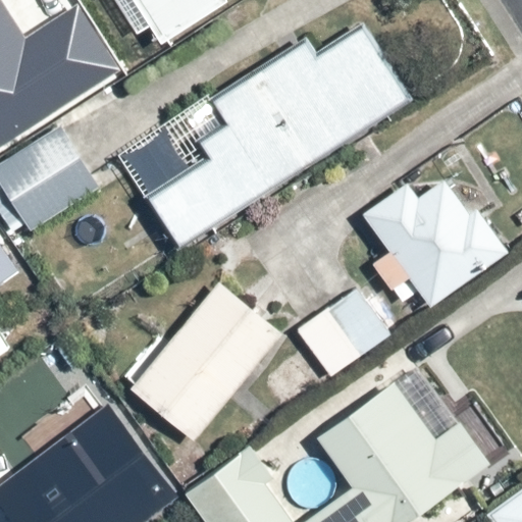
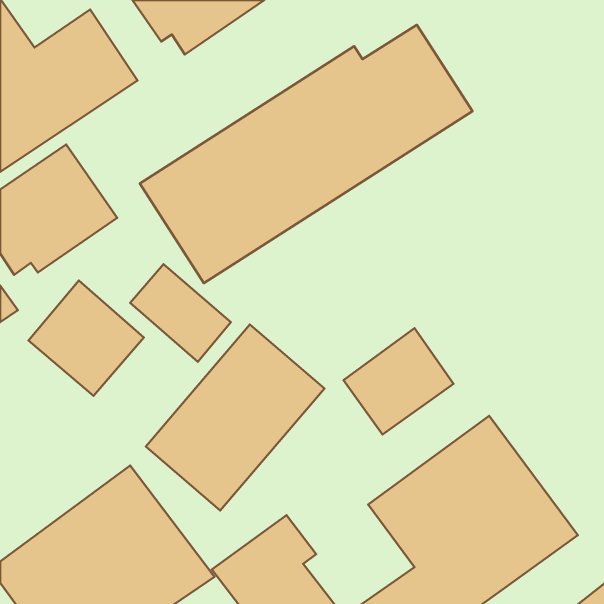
building: [364,180,505,306] -> none
building: none -> [130,264,231,362]
building: none -> [29,281,144,396]

